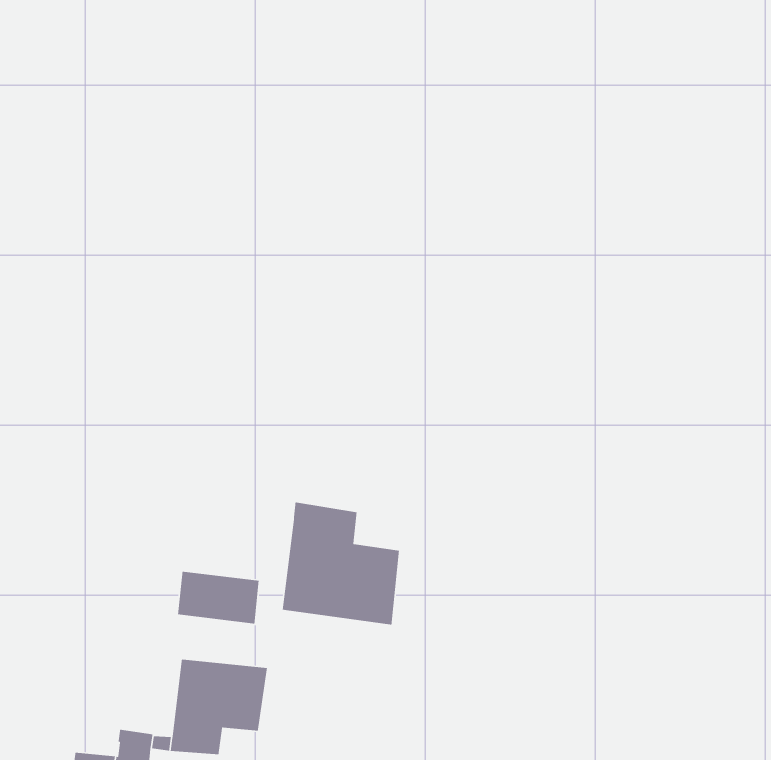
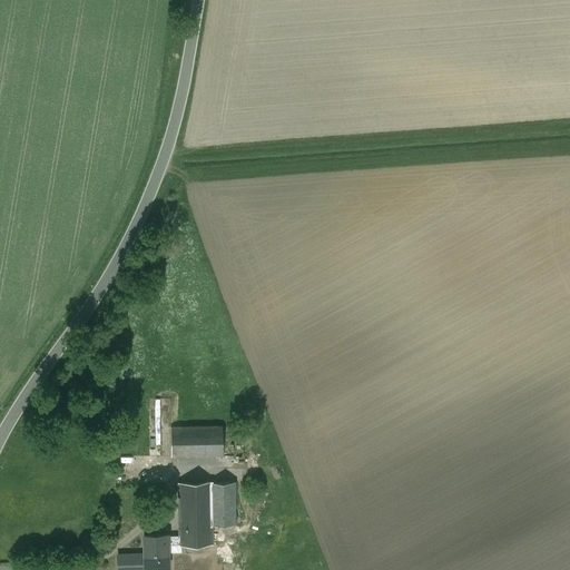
building: [282,501,400,626] -> none

